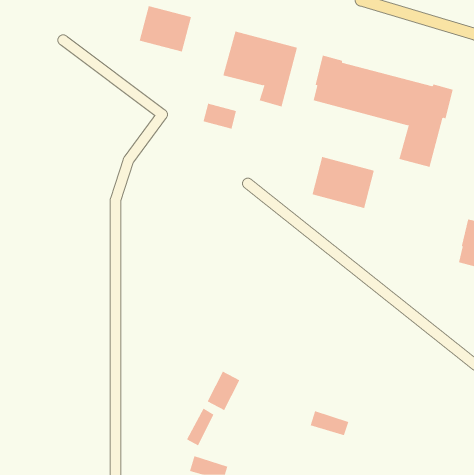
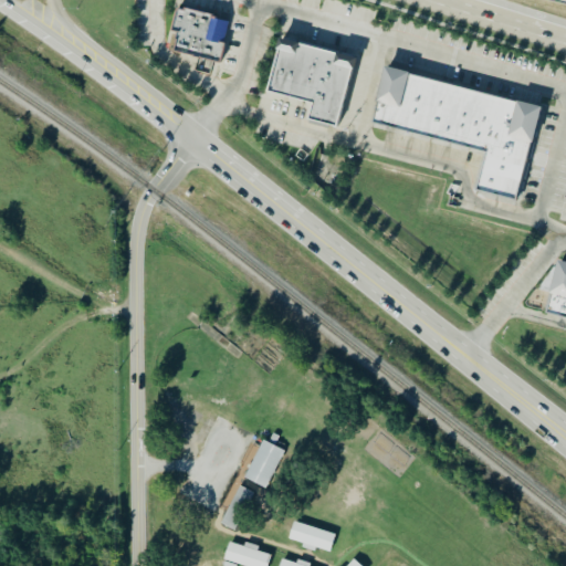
building: [203,103,237,130] -> none
building: [312,156,375,209] -> none
building: [310,411,349,436] -> [292,521,338,551]

